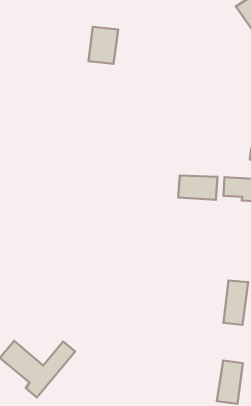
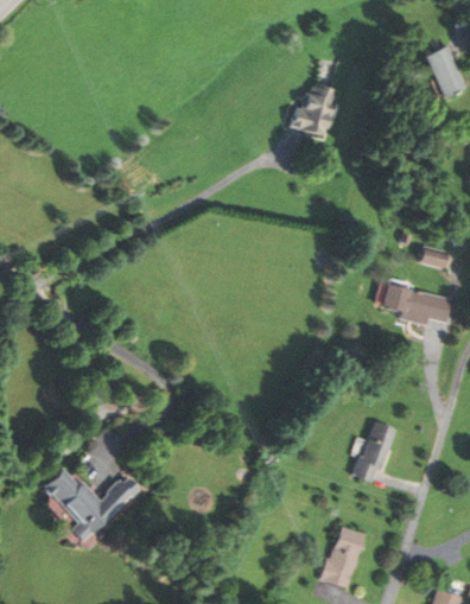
building: [88,27,118,64] -> [294,83,339,136]
building: [178,175,218,200] -> none

